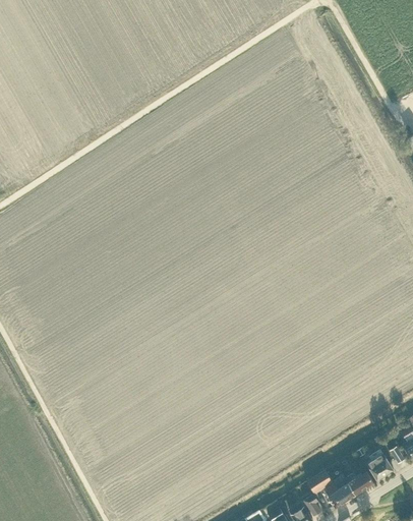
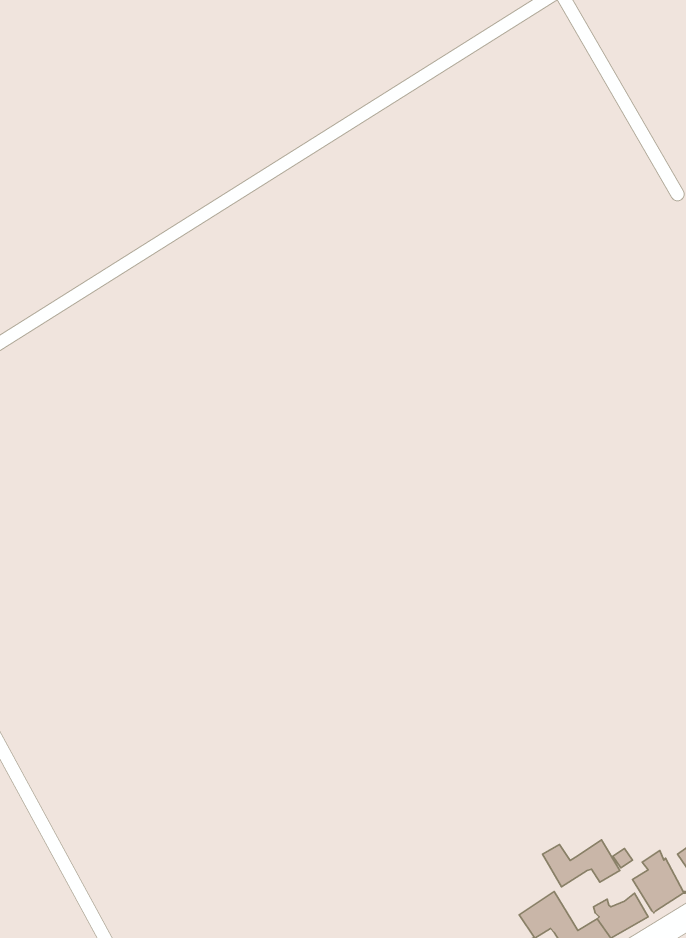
building: none -> [543,840,620,887]

